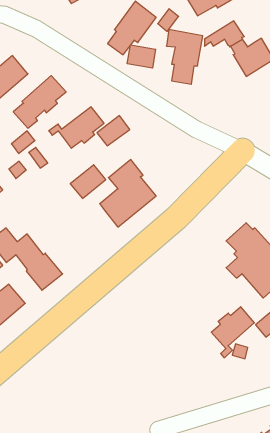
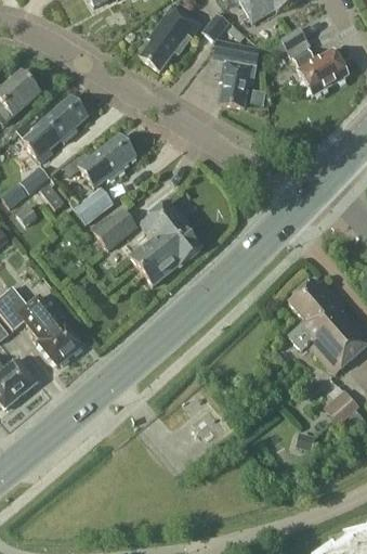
building: [127,45,156,68] -> none
building: [97,116,130,146] -> [73,185,114,223]
building: [211,307,254,358] -> none

